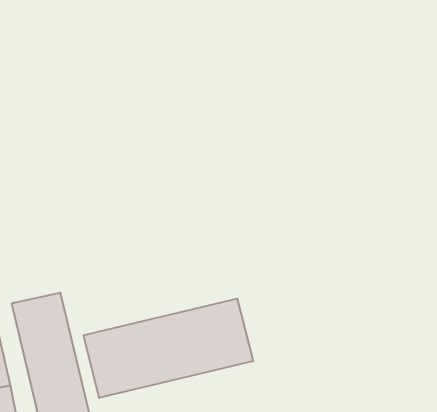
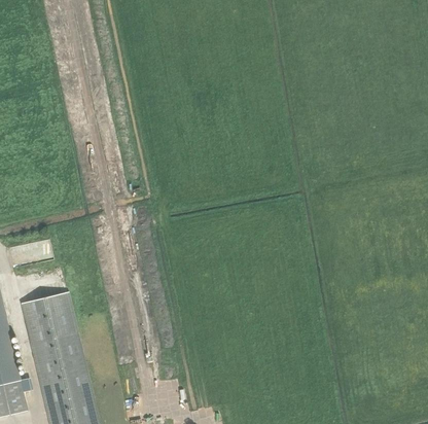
building: [84,299,253,398] -> none

